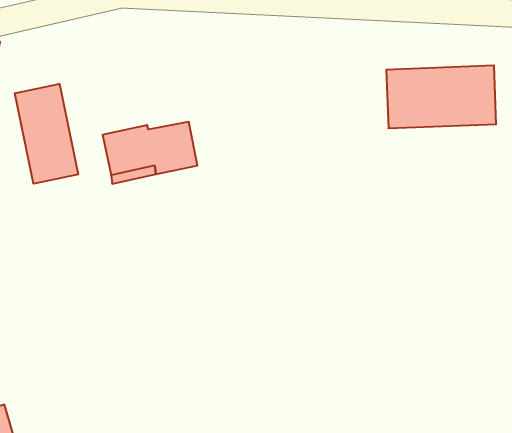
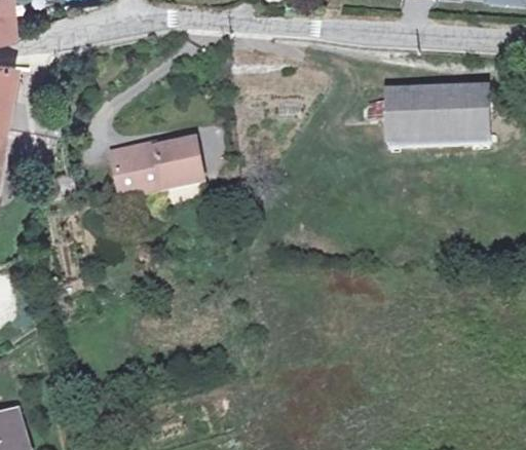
building: [15,84,78,184] -> none

